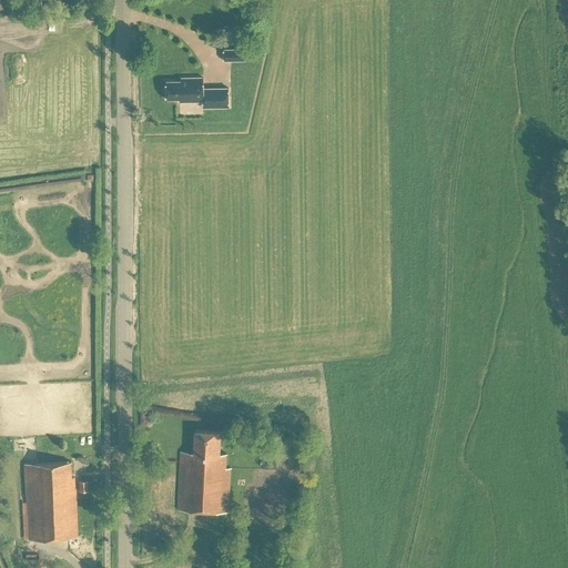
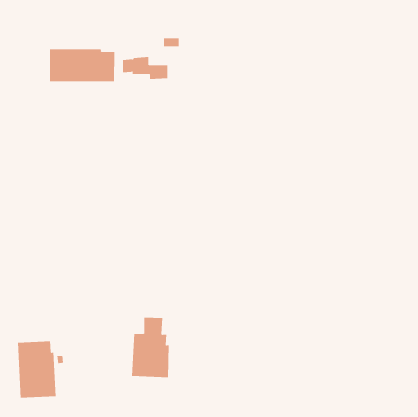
building: none -> [49,48,115,82]

